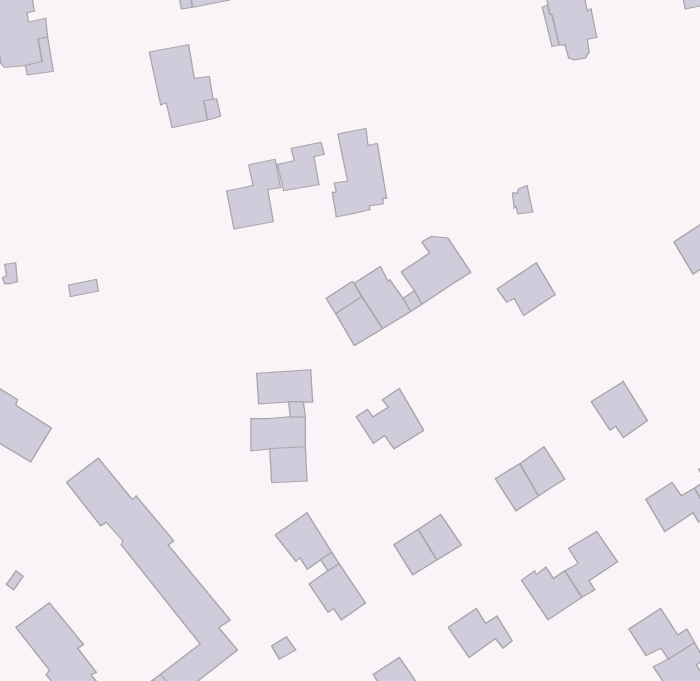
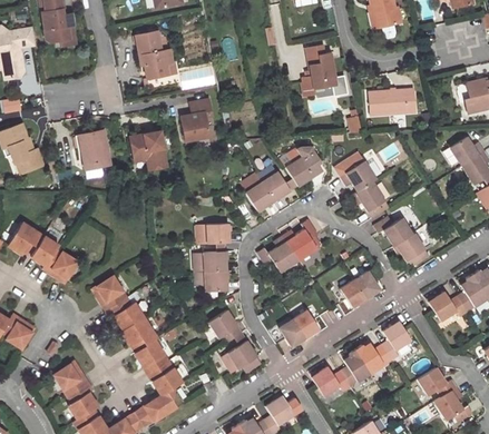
building: [332,129,387,217] -> [302,43,334,96]
building: [278,142,324,191] -> none
building: none -> [370,91,417,117]
building: none -> [78,130,108,169]
building: none -> [128,131,166,171]
building: none -> [351,180,385,210]
building: none -> [374,215,414,244]
building: none -> [283,219,319,259]
building: none -> [341,348,371,384]

